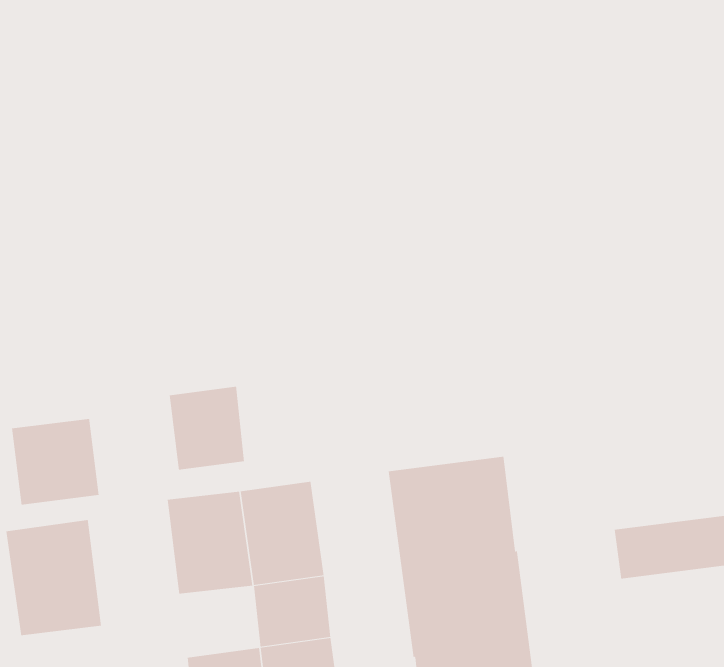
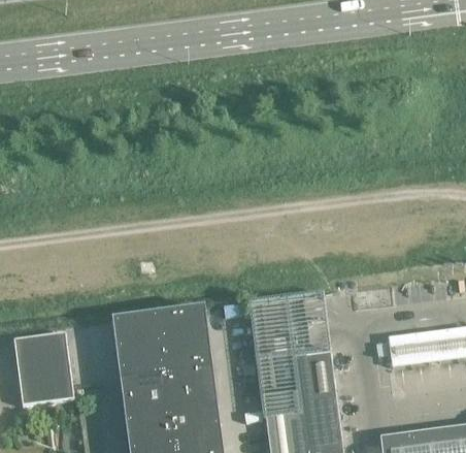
building: [169,386,244,471] -> none
building: [11,418,99,505] -> none
building: none -> [120,374,170,418]

